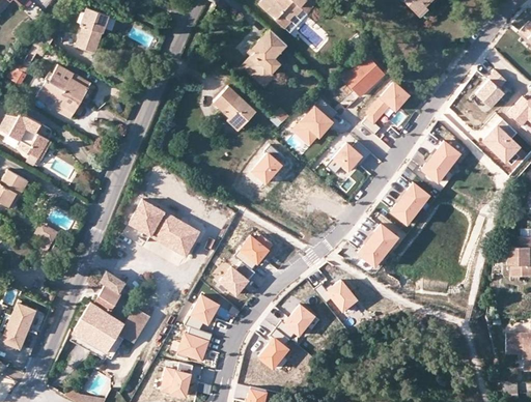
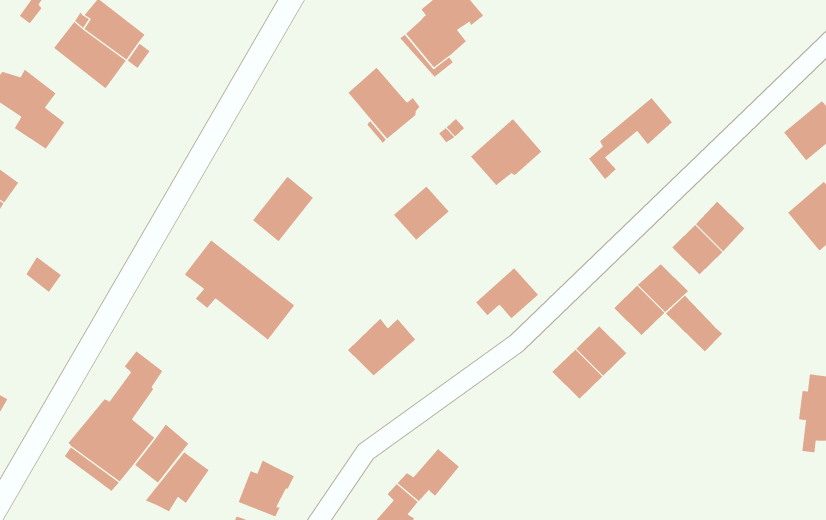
building: [344,58,383,96] -> none
building: [326,143,363,174] -> [475,267,539,319]
building: none -> [252,176,314,242]
building: none -> [665,295,723,352]
building: [217,262,257,297] -> none
building: [313,282,358,314] -> none
building: [183,293,219,331] -> [145,451,210,512]

